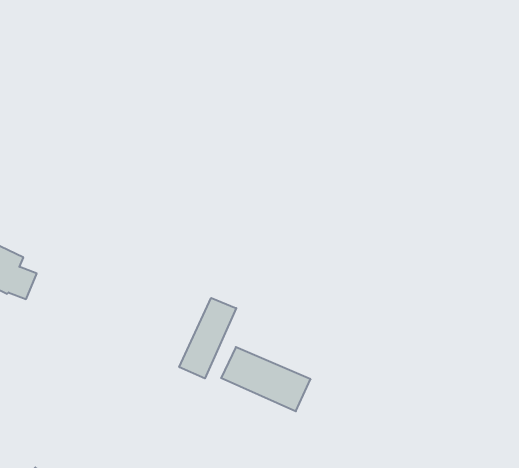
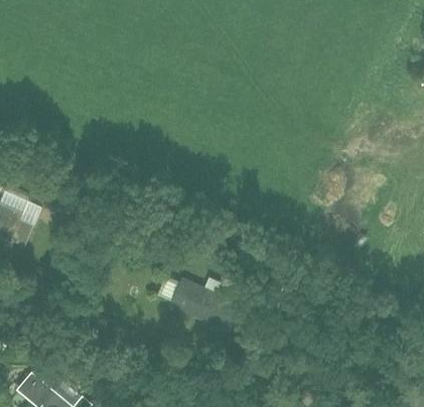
building: [179,298,236,378] -> none

